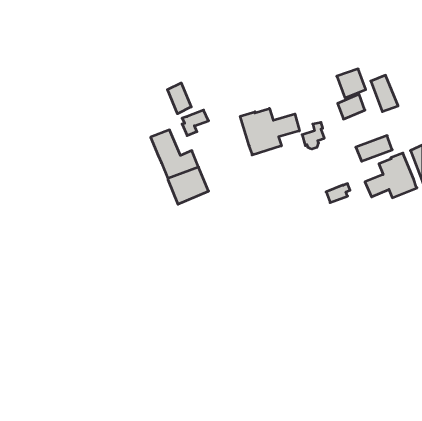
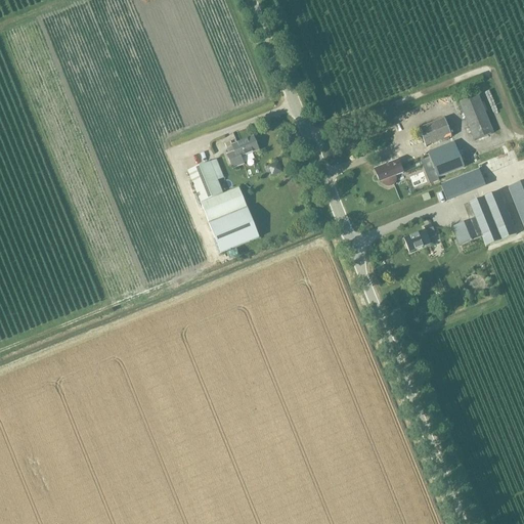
building: [337,69,366,98] -> [428,140,464,176]
building: [167,83,191,114] -> none
building: [240,108,299,155] -> none

